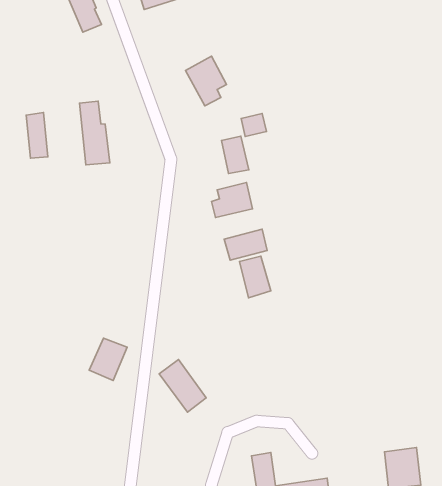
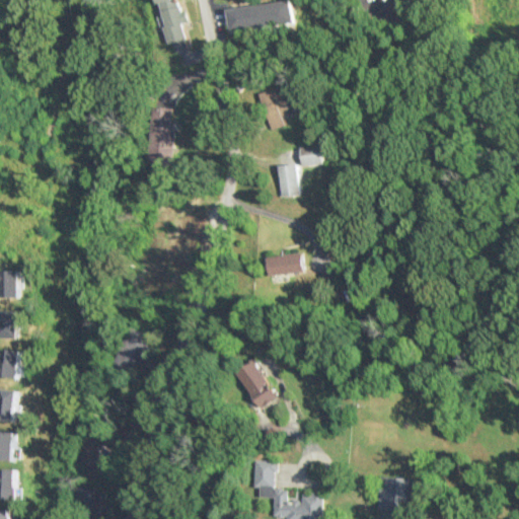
building: [26,113,48,158] -> none
building: [211,182,253,217] -> none
building: [239,256,271,298] -> none
building: [159,360,206,412] -> [234,360,274,410]

